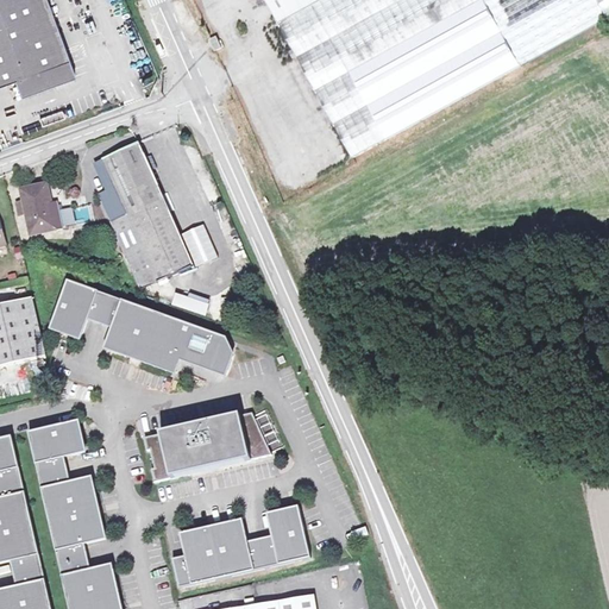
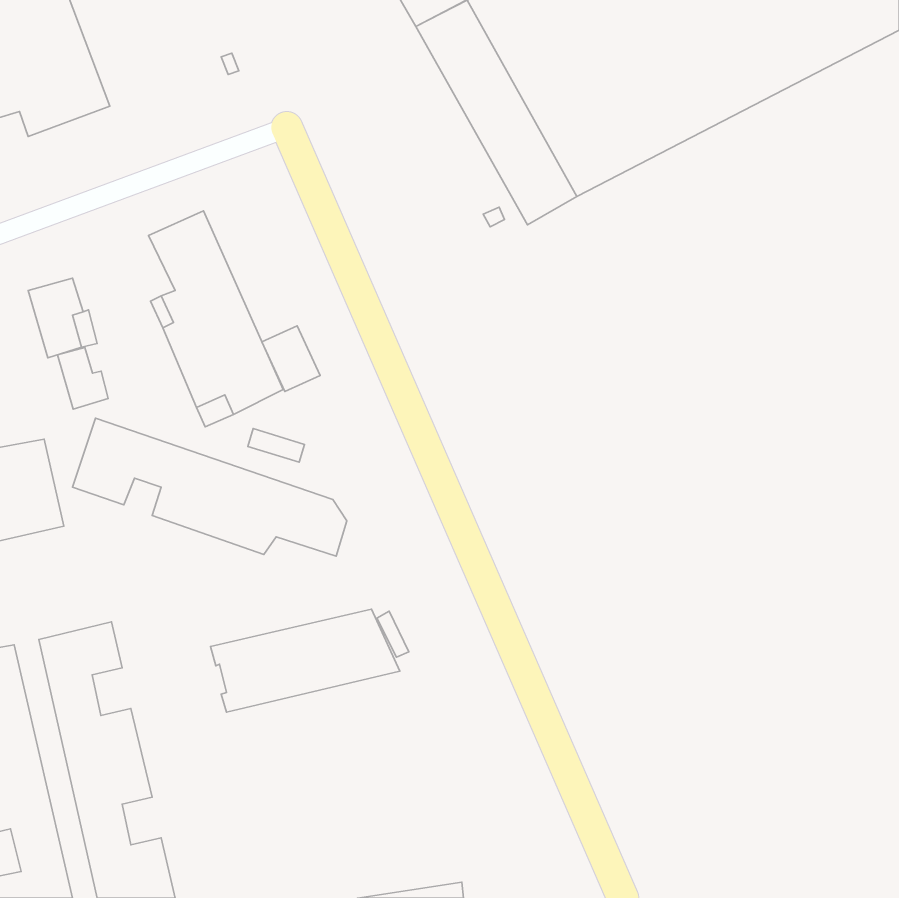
building: none -> [58,348,108,409]
building: [170,503,308,585] -> none

